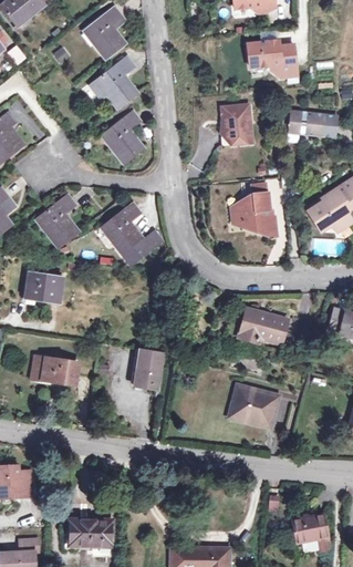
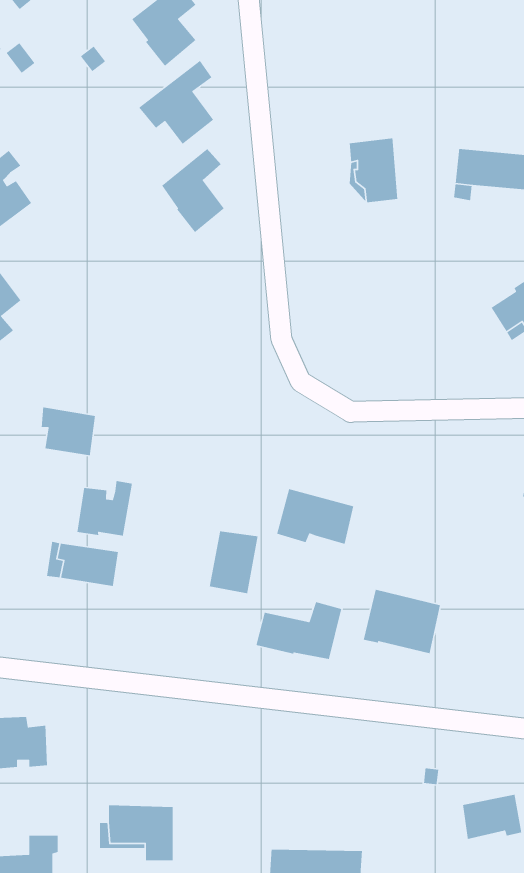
building: [247,39,297,75] -> none
building: [231,181,277,235] -> none
building: [39,193,77,247] -> none
building: [103,202,163,264] -> none
building: [238,308,287,343] -> [276,488,354,545]
building: none -> [77,480,133,536]
building: none -> [256,601,342,660]

